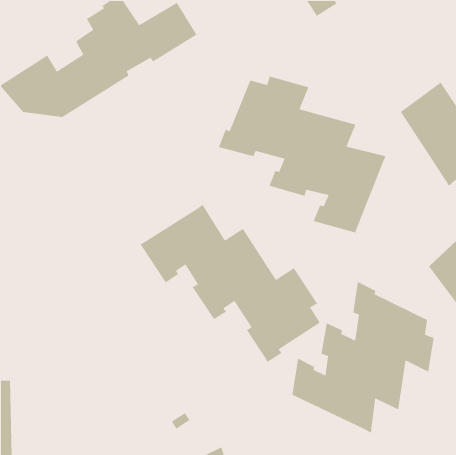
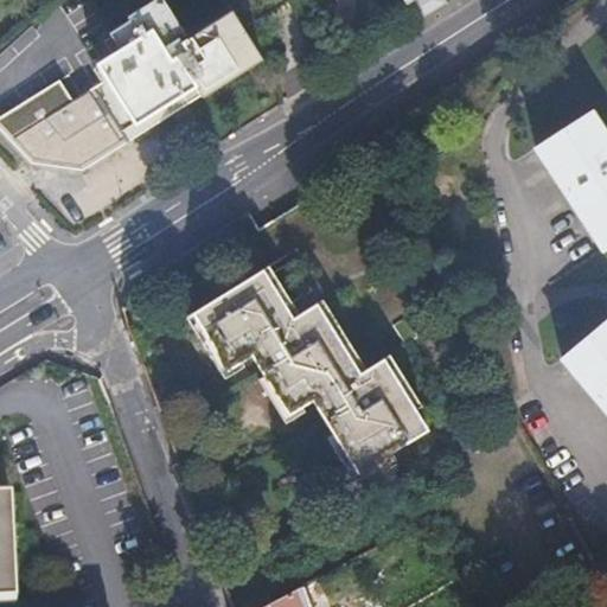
building: [218,76,387,234] -> none
building: [291,281,434,434] -> none

